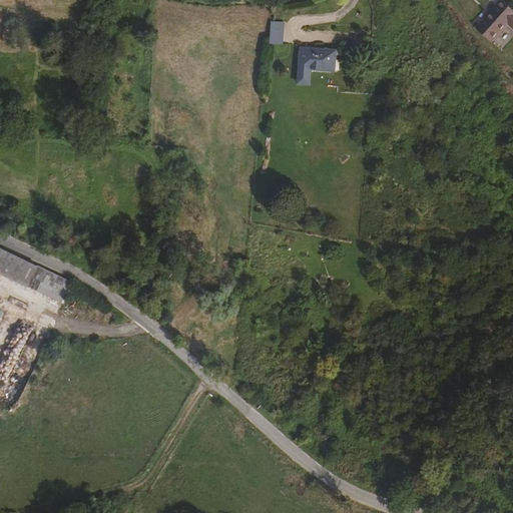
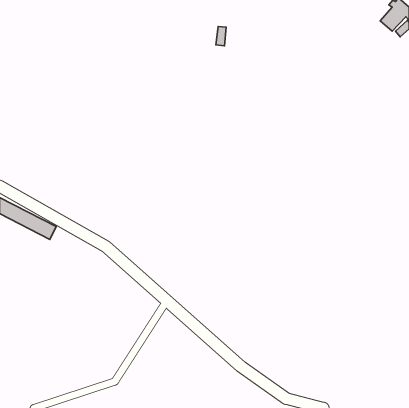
building: [297,48,334,71] -> none

